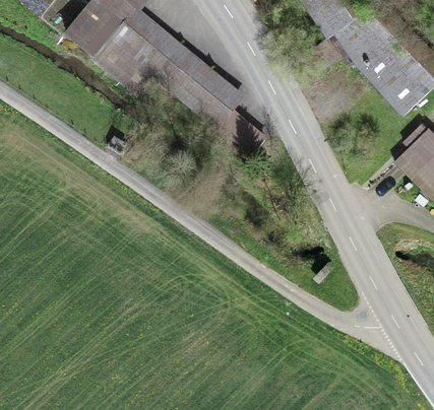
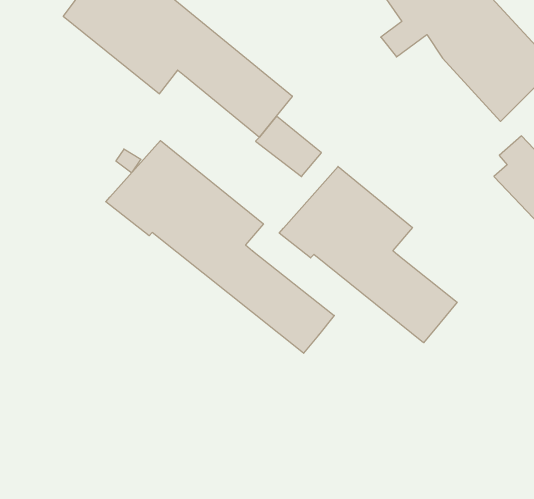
building: none -> [106,141,334,353]
building: none -> [279,166,457,343]

